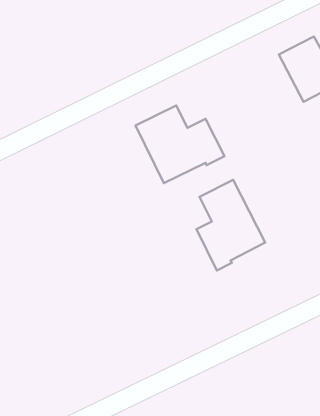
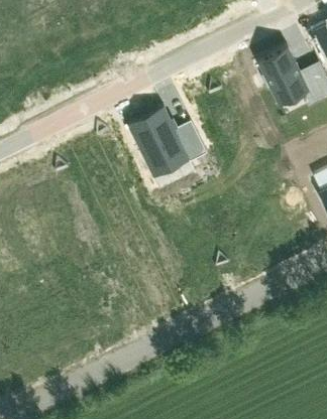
building: [197,180,265,270] -> none

